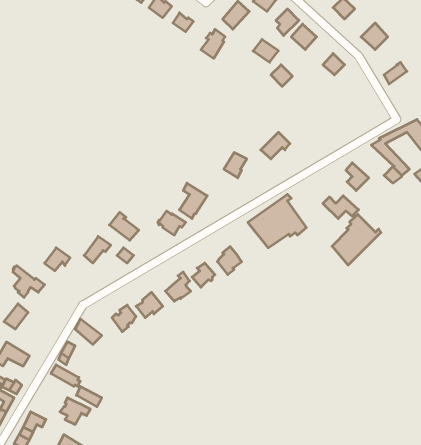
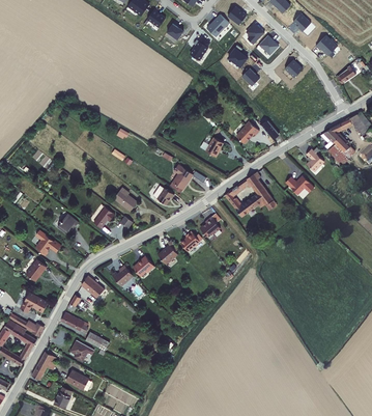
building: [332,214,381,265] -> none

